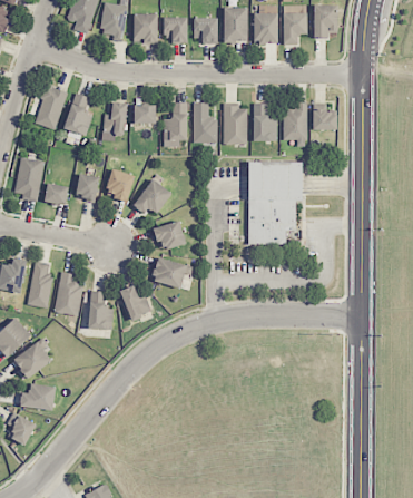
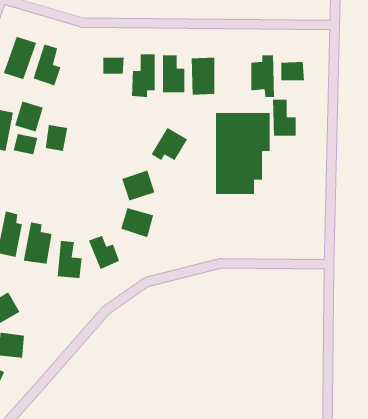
building: [104,102,127,134] -> none
building: [253,102,277,140] -> [272,99,296,137]
building: [105,169,135,202] -> [14,100,44,132]
building: [134,179,171,214] -> [151,127,188,161]

